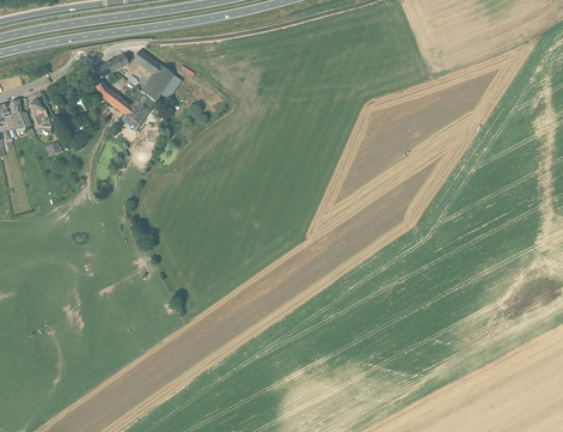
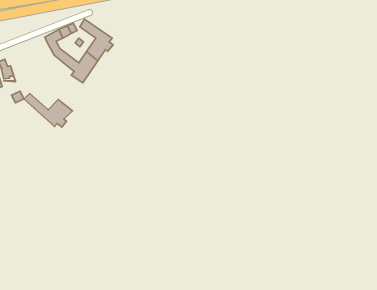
building: none -> [24,94,73,127]

